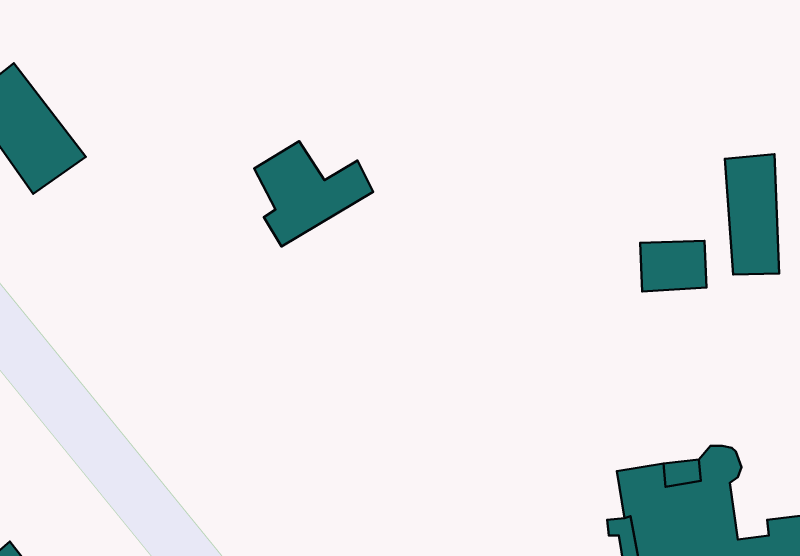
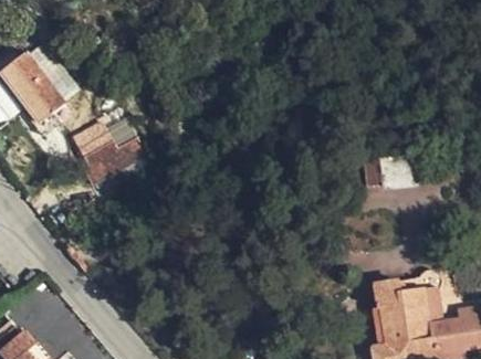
building: [254,141,373,247] -> [80,125,147,184]
building: [725,154,779,274] -> none

